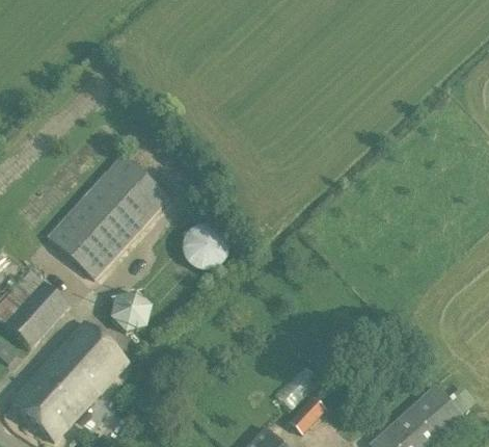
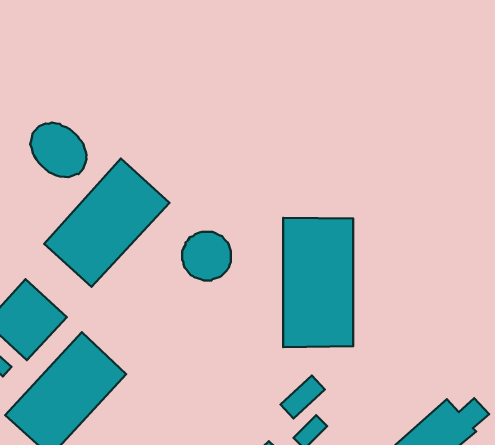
building: none -> [30,122,86,177]
building: none -> [283,218,353,347]
building: [110,290,153,333] -> none

